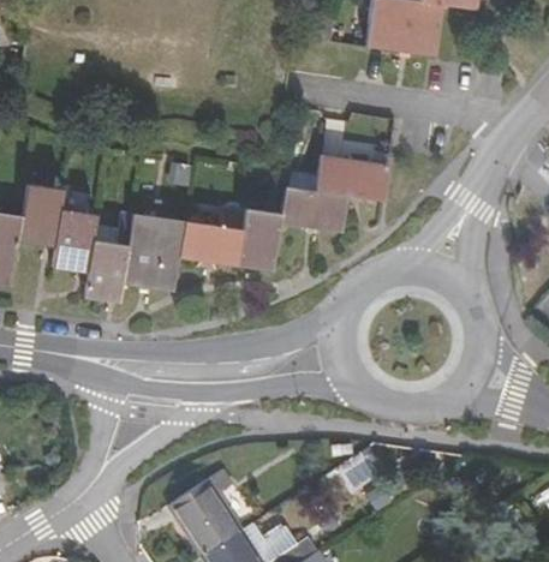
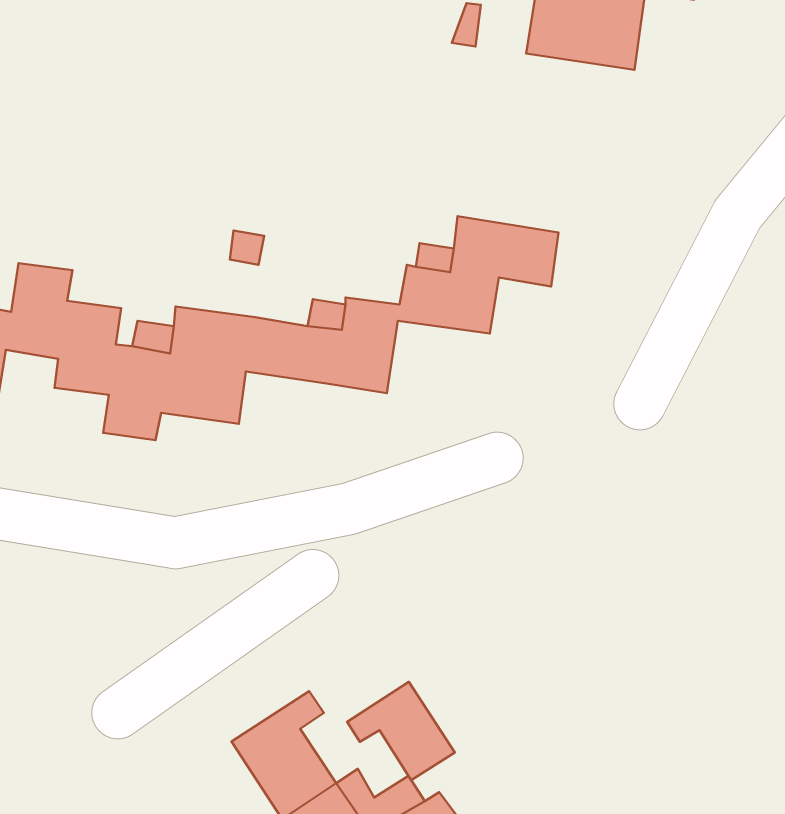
building: none -> [347,682,455,780]

